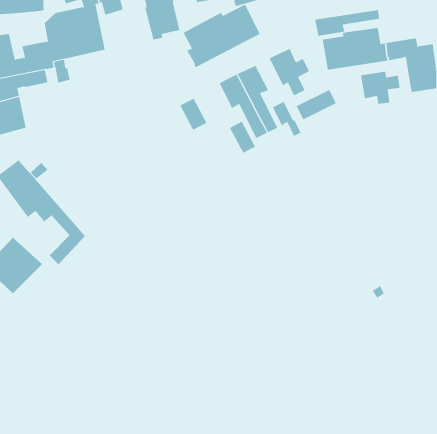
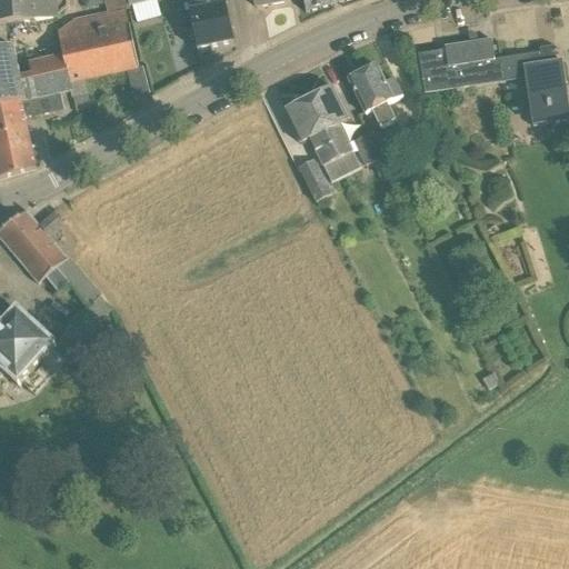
building: [183,4,261,68] -> none
building: [314,9,380,36] -> none
building: [360,71,400,104] -> none
building: [296,89,337,120] -> none
building: [180,98,207,131] -> none

